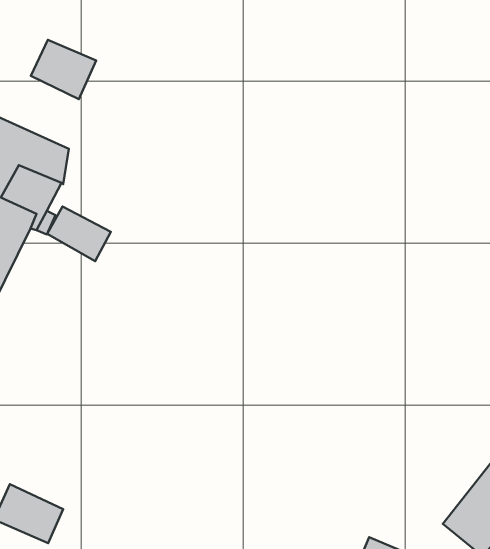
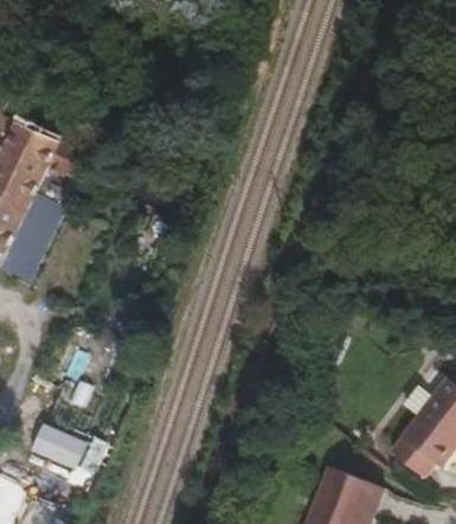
building: [31,40,96,99] -> none
building: [47,207,111,261] -> none

